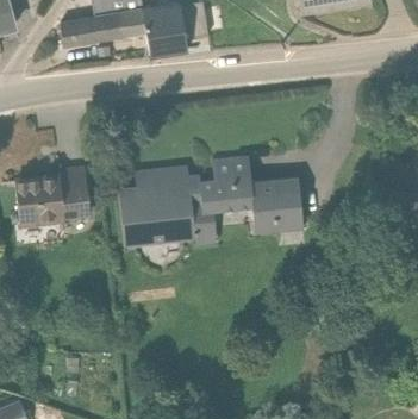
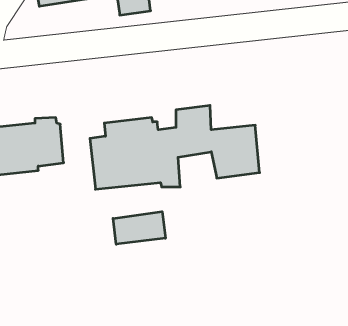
building: none -> [113,212,165,244]

